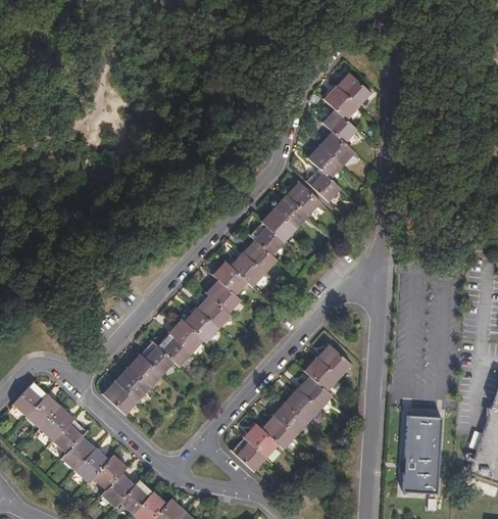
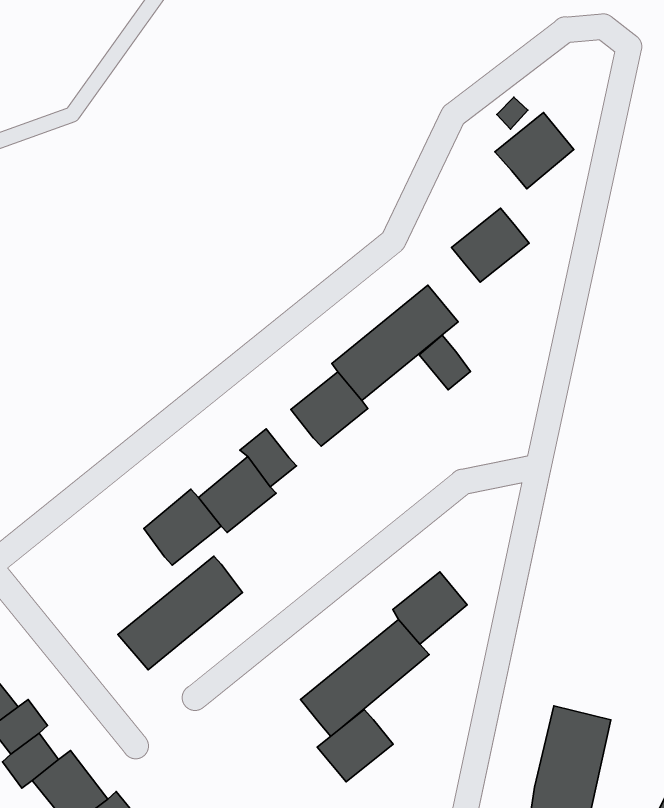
building: [326,110,356,141] -> none
building: [309,169,340,199] -> [419,335,471,390]
building: [215,262,248,293] -> none
building: [106,342,173,413] -> [118,556,242,670]
building: [234,425,277,468] -> [317,709,393,782]

